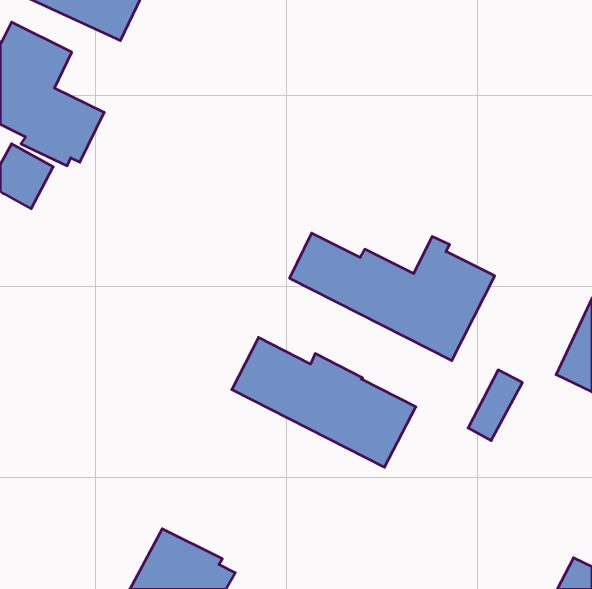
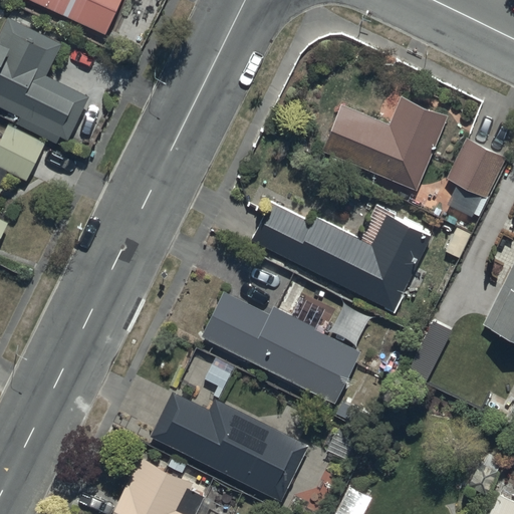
building: none -> [320,97,448,191]
building: none -> [447,138,506,198]
building: none -> [152,393,308,500]

